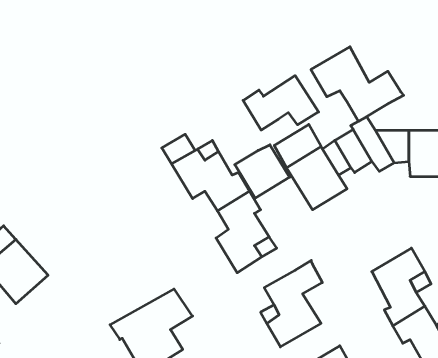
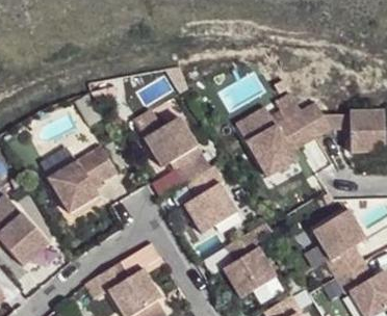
building: [311,47,404,121] -> none
building: [243,76,319,130] -> none
building: [235,145,290,198] -> none
building: none -> [49,143,119,212]

